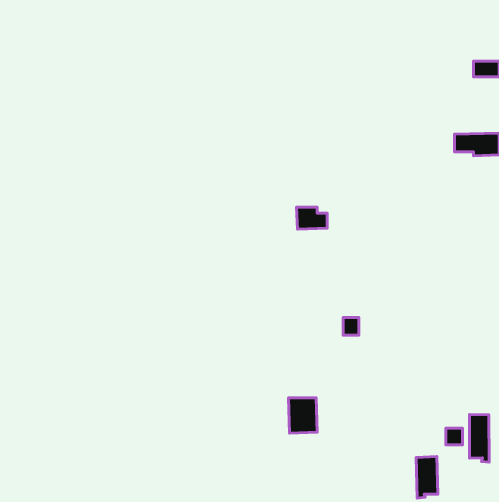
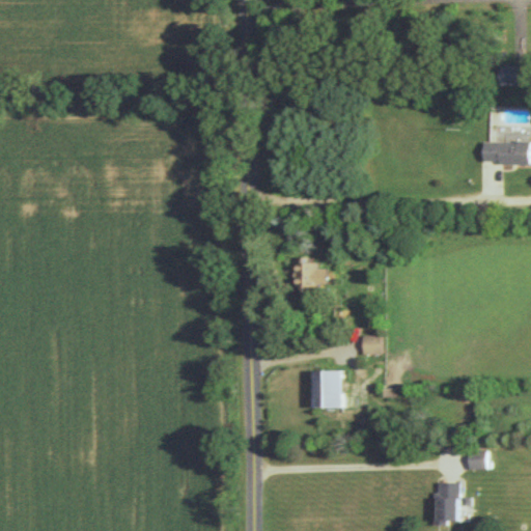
building: [296,207,327,229] -> [295,263,327,286]
building: [288,398,317,433] -> [312,371,342,409]
building: [470,414,489,462] -> none

